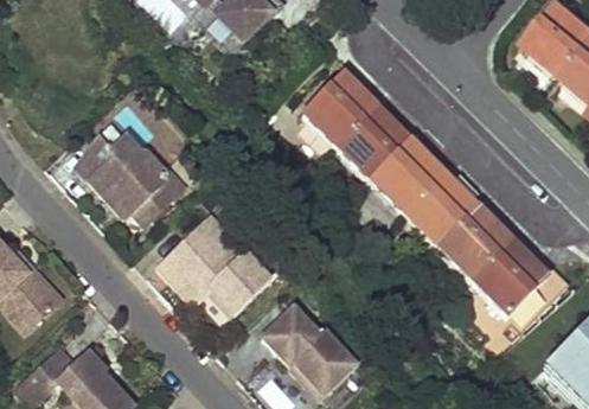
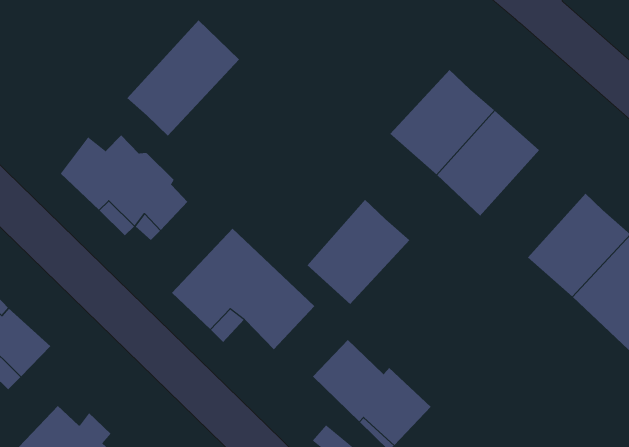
building: none -> [126,19,240,137]
building: [303,68,385,149] -> [307,199,410,305]
building: [402,170,485,253] -> none

